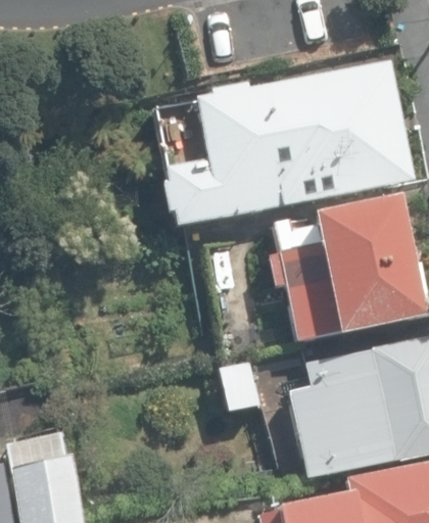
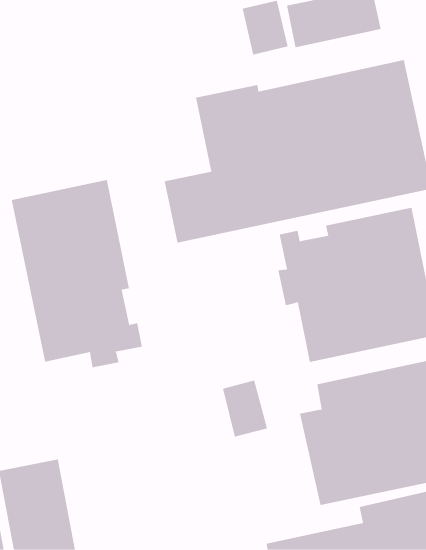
building: none -> [11,179,143,368]

